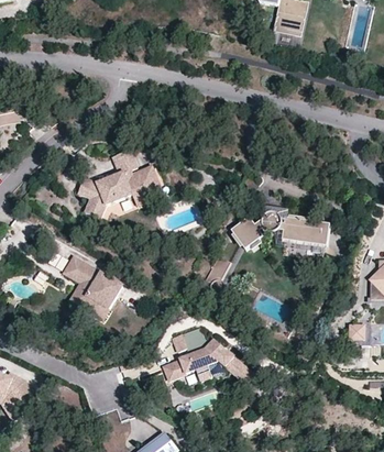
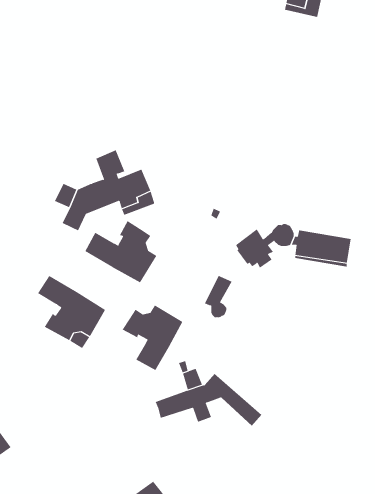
building: none -> [85,220,157,283]
building: none -> [122,305,183,371]

